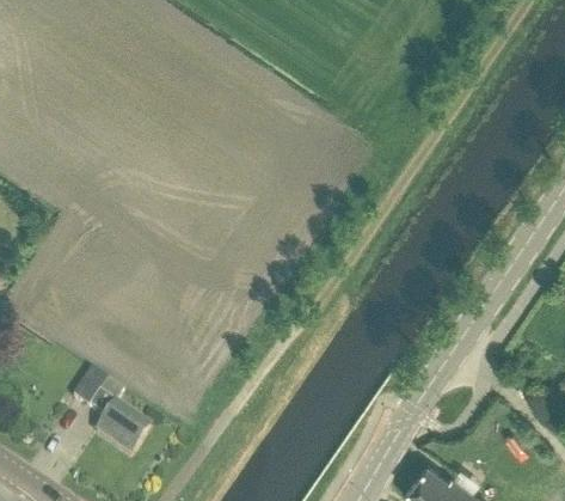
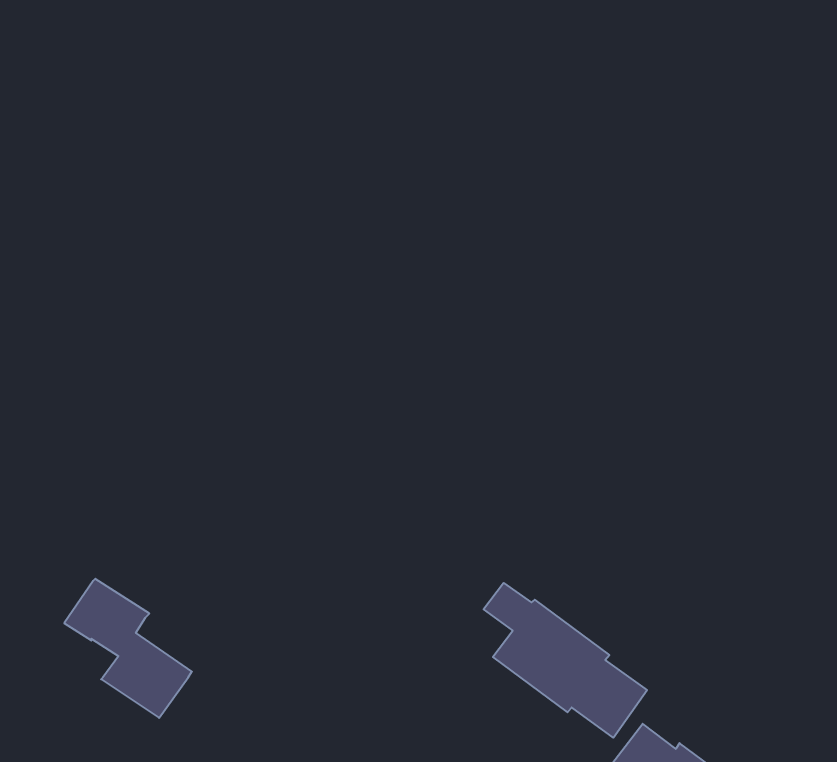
building: none -> [484,583,647,738]

